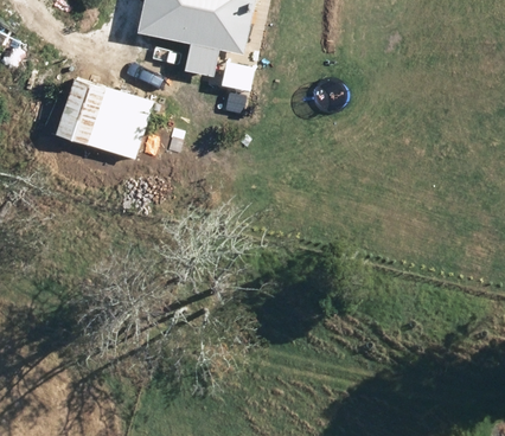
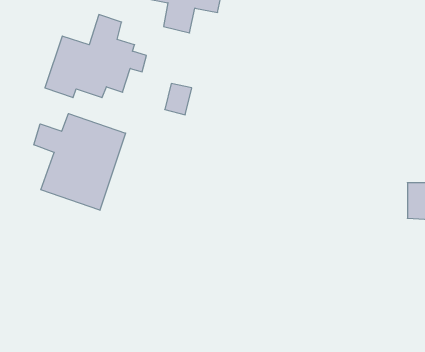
building: none -> [34,114,126,210]

